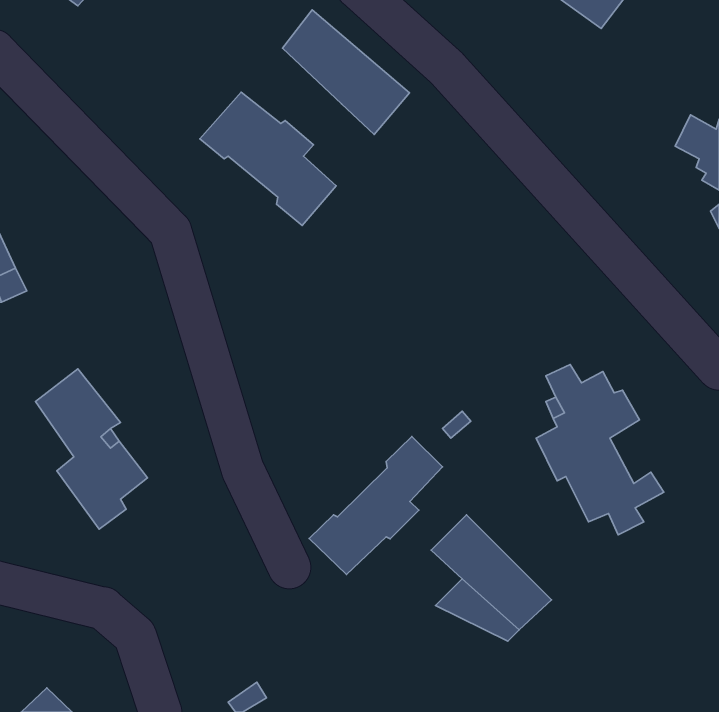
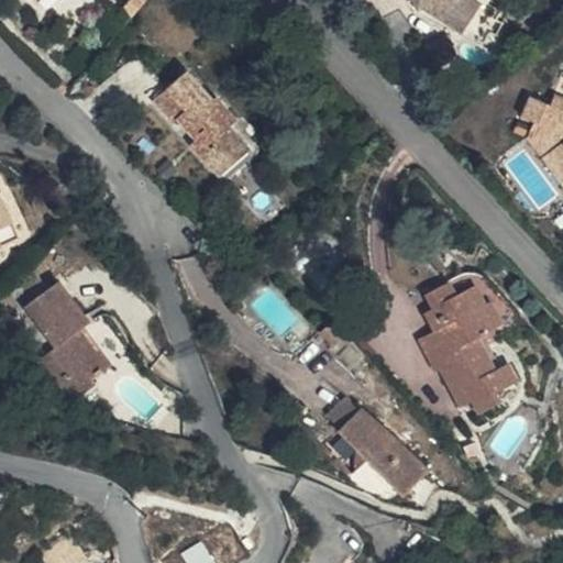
building: [283,10,410,135] -> none
building: [309,436,443,574] -> none

